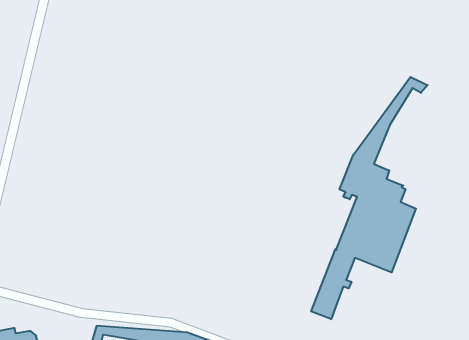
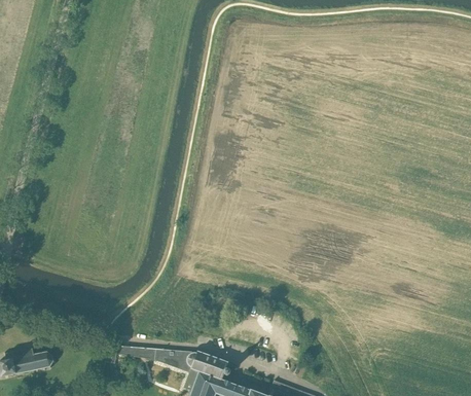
building: [311,77,428,319] -> none

